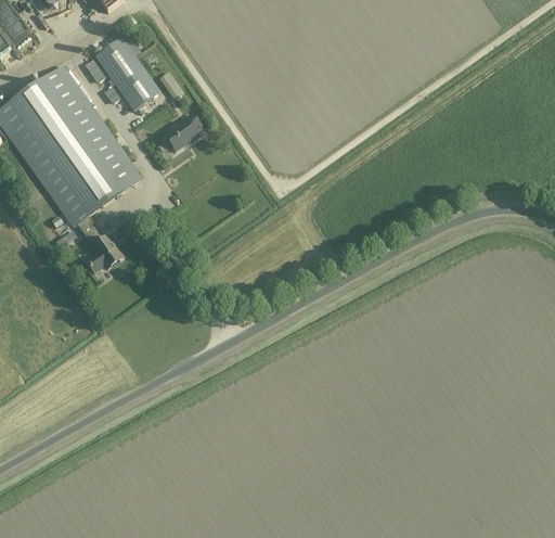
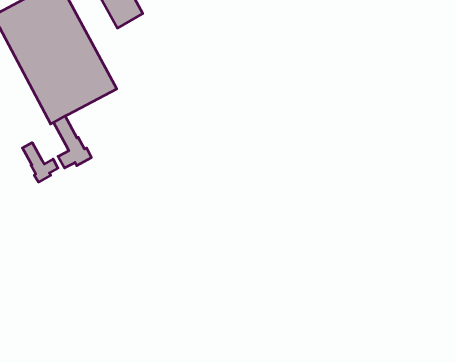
building: [165,113,199,150] -> none
building: none -> [22,143,58,182]

